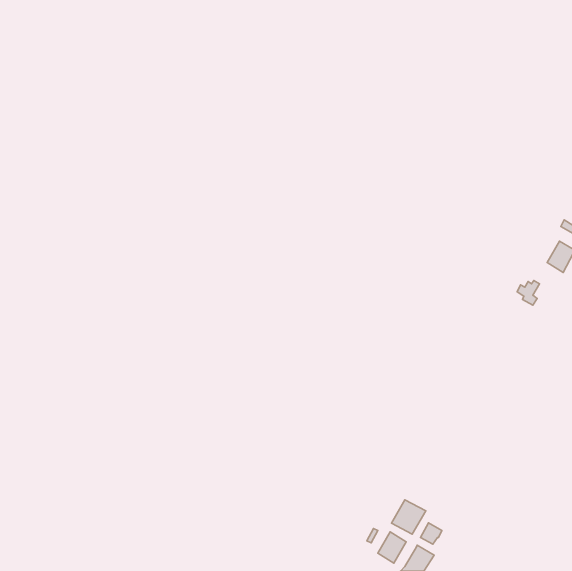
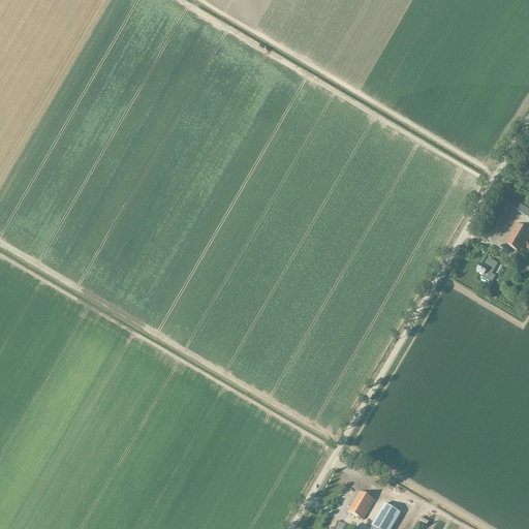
building: [391,500,426,534] -> none

